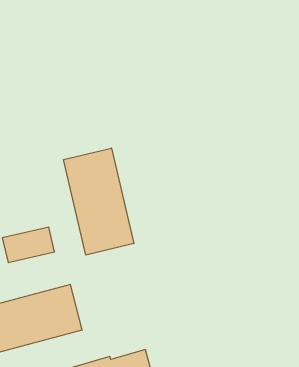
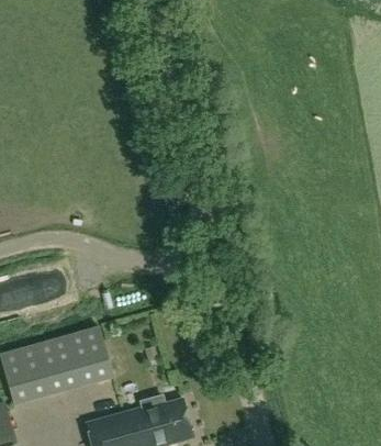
building: [64,148,134,255] -> none

